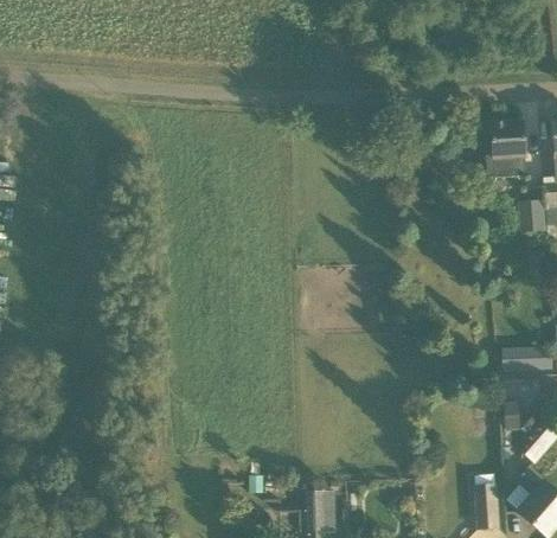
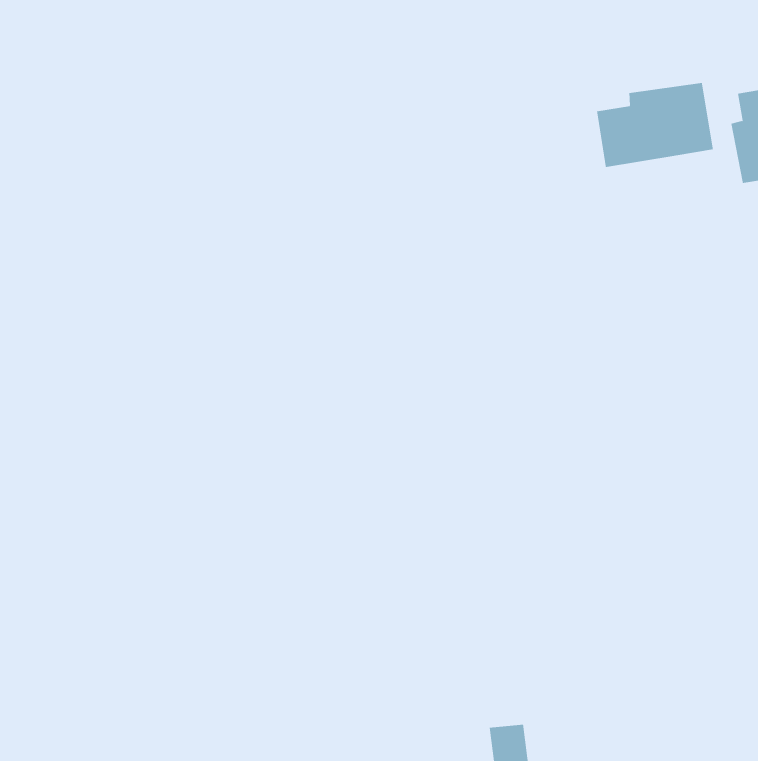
building: none -> [597,82,714,168]

